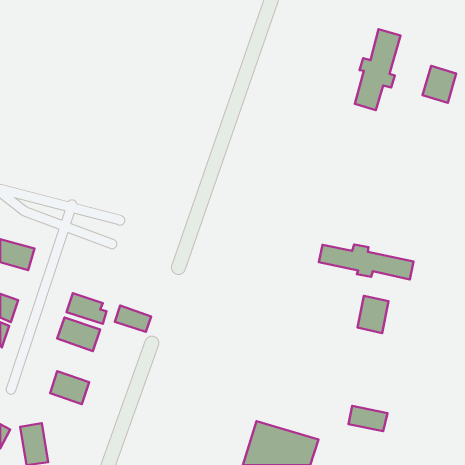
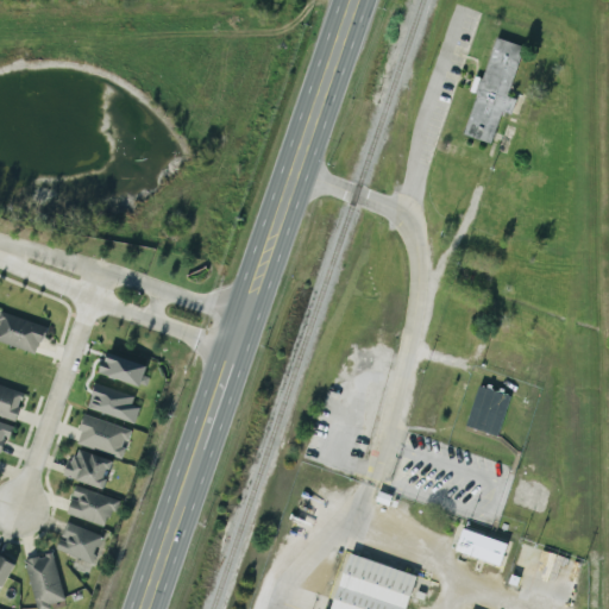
building: [423,66,456,103] -> none
building: [319,244,414,279] -> none
building: [115,306,151,332] -> [99,352,146,387]
building: none -> [64,448,113,490]
building: none -> [55,522,103,565]

